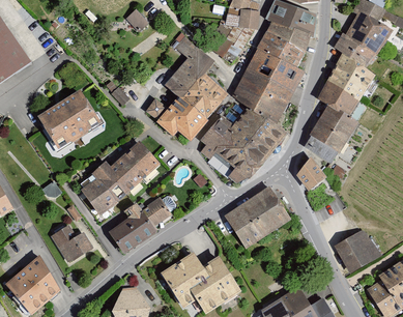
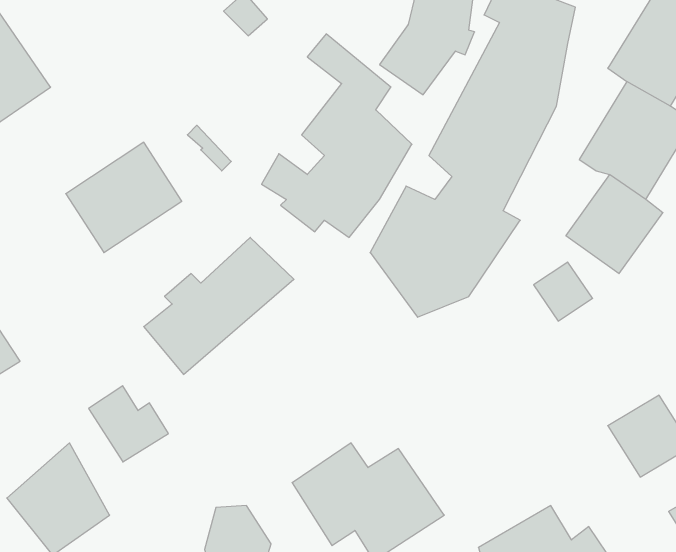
building: [223,188,288,248] -> none
building: [106,196,171,256] -> none

